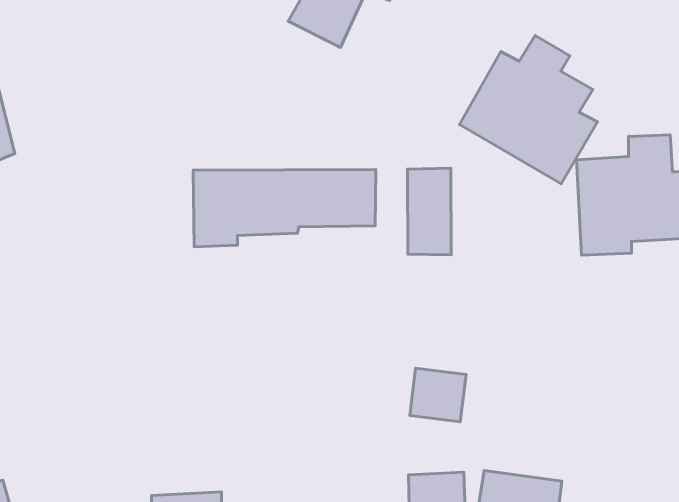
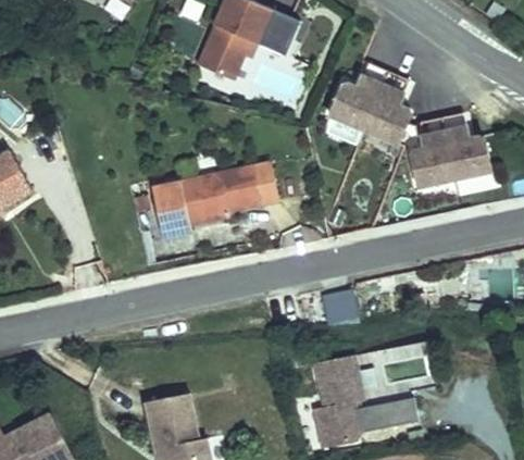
building: [407,168,451,255] -> none

